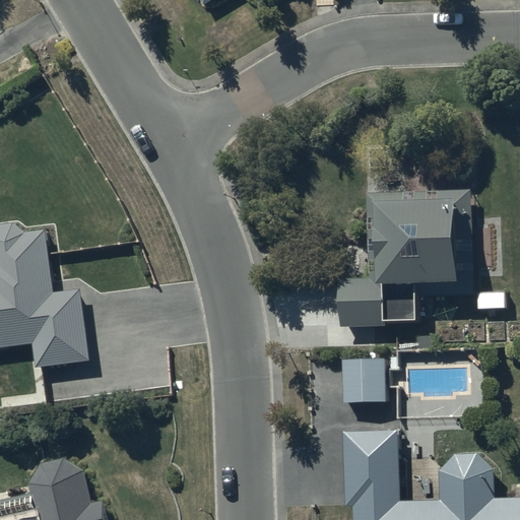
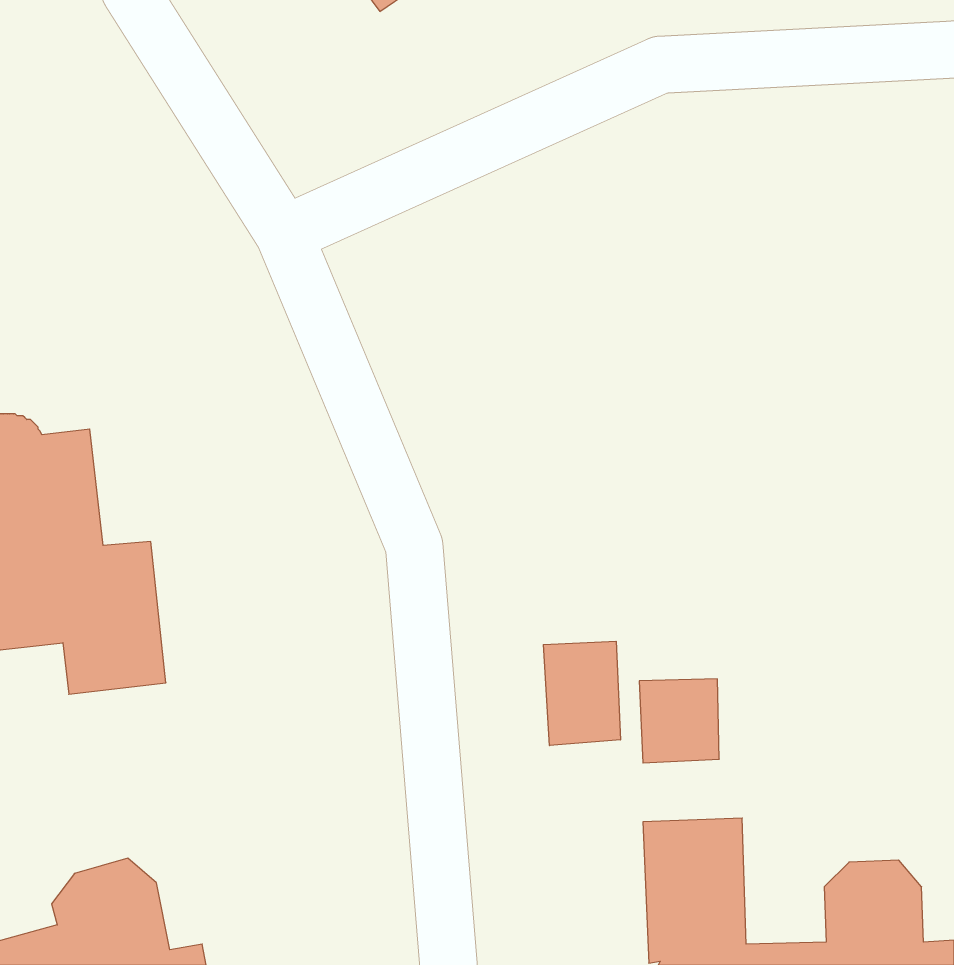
building: [339,190,462,330] -> none
building: none -> [543,641,620,746]

